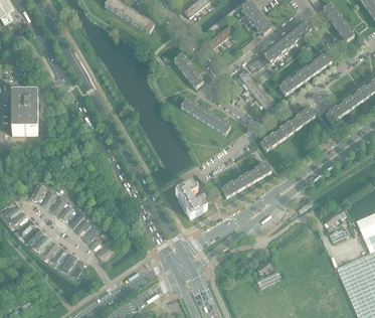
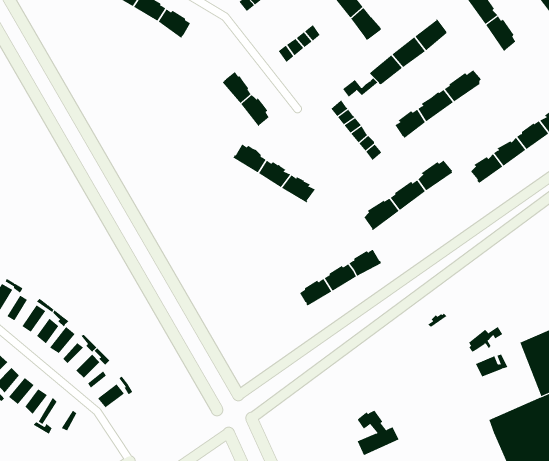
building: [174,181,206,216] -> none

